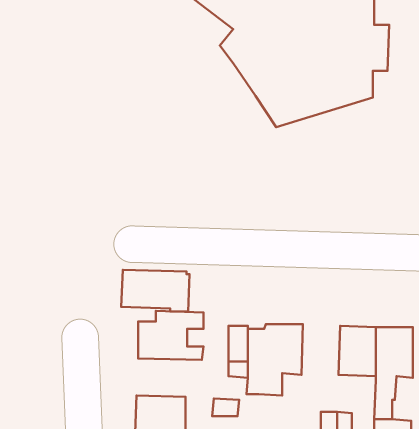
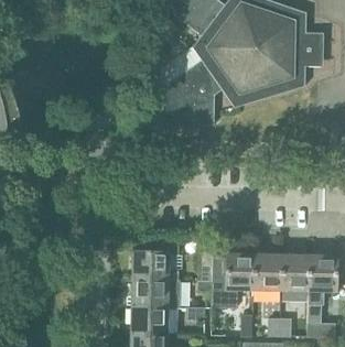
building: none -> [160,59,218,124]
building: [121,270,190,311] -> [130,279,181,310]
building: none -> [252,253,281,291]

